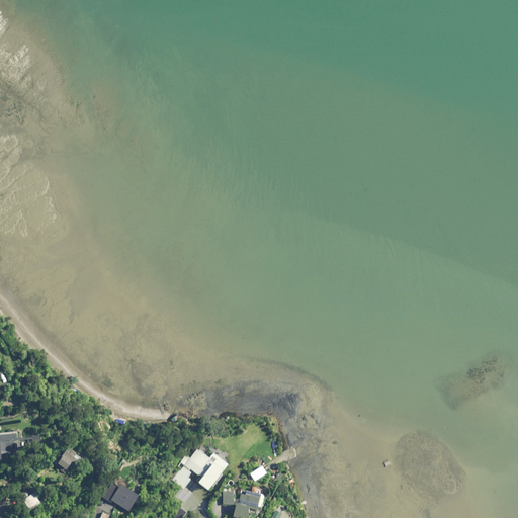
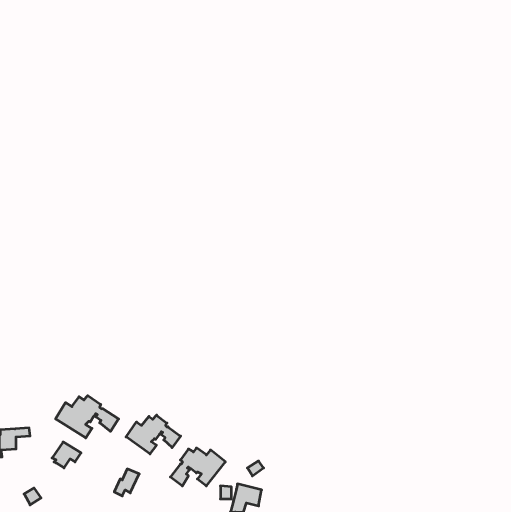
building: none -> [56,396,119,438]
building: none -> [126,415,181,454]

